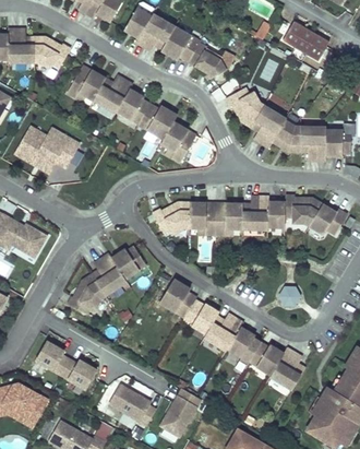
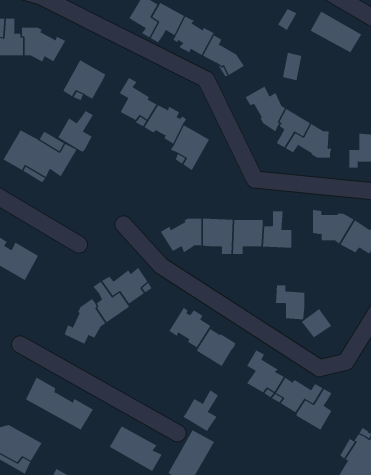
building: [94,75,125,113] -> [58,110,94,153]
building: [300,127,326,159] -> none
building: [260,197,286,227] -> [275,285,305,320]
building: [205,312,237,350] -> [183,389,219,432]

